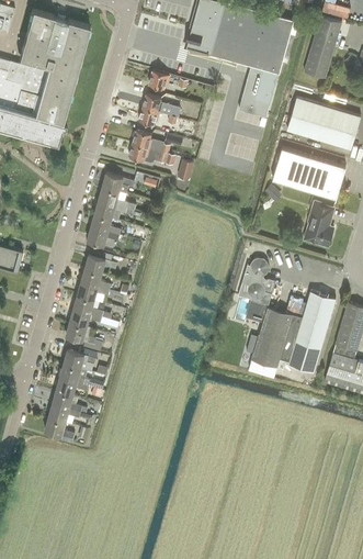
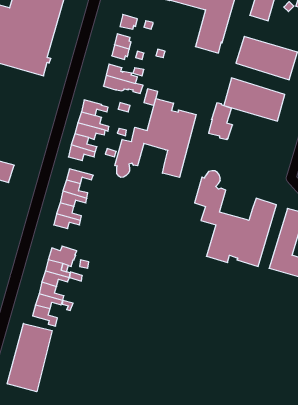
building: none -> [115,99,196,177]
building: [305,203,333,247] -> [209,103,233,140]
building: [65,323,102,353] -> none
building: none -> [7,323,52,392]

